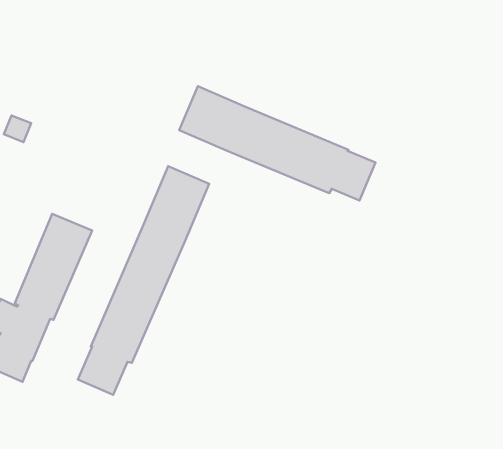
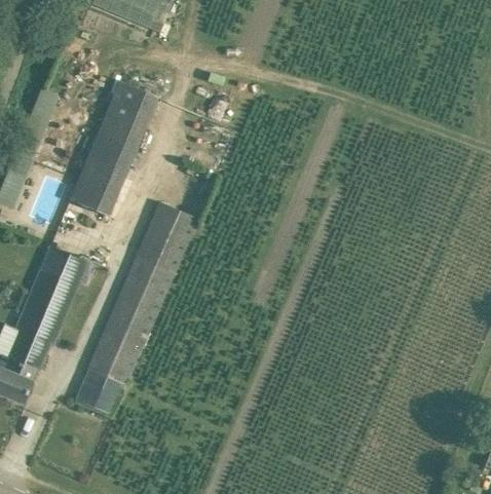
building: none -> [70,81,158,217]
building: [179,86,375,200] -> none

